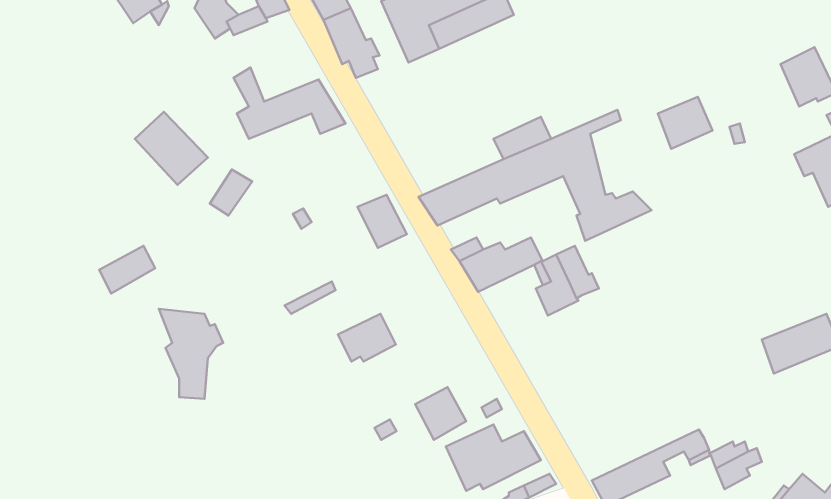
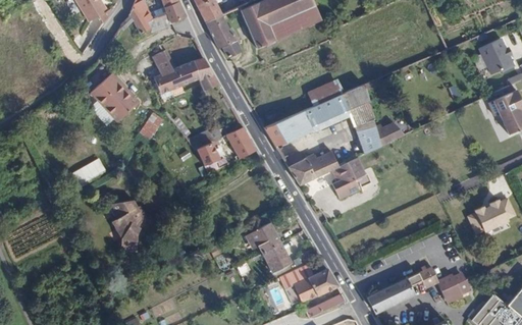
building: [658,97,713,149] -> none
building: none -> [197,142,219,173]
building: [338,314,396,362] -> [246,223,280,252]

